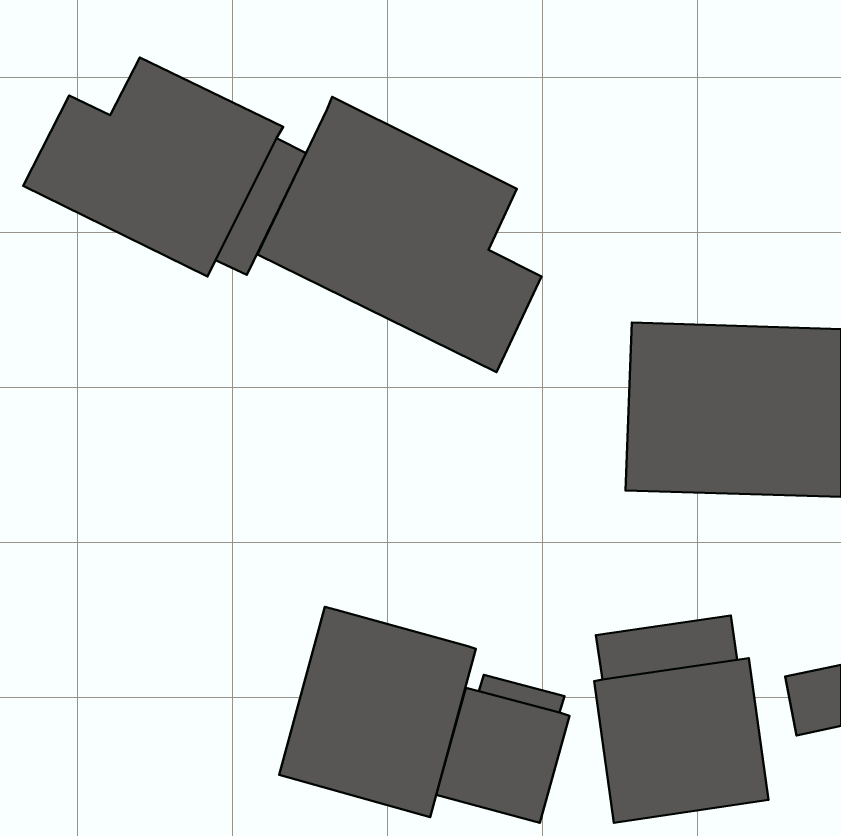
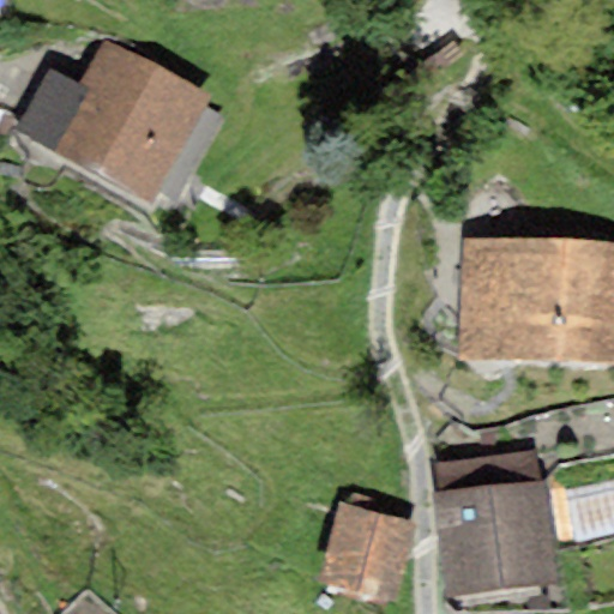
building: [257,97,541,372] -> none
building: [279,607,476,817] -> none

